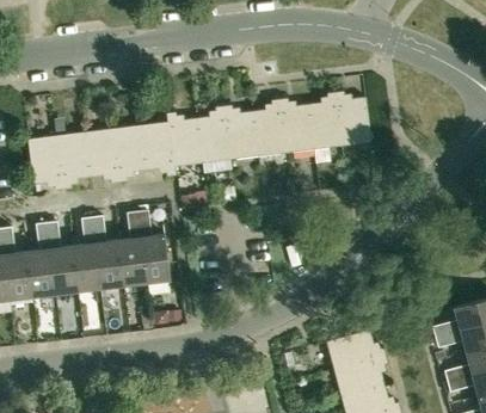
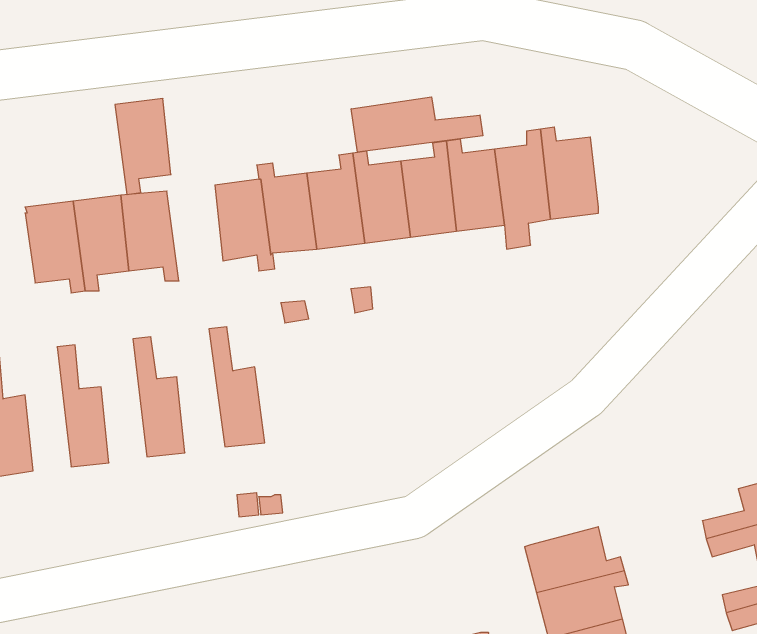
building: none -> [351,97,483,152]
building: [112,125,146,183] -> [115,99,171,195]
building: [118,211,147,285] -> none
building: [73,217,100,291] -> none
building: [27,222,55,296] -> none

